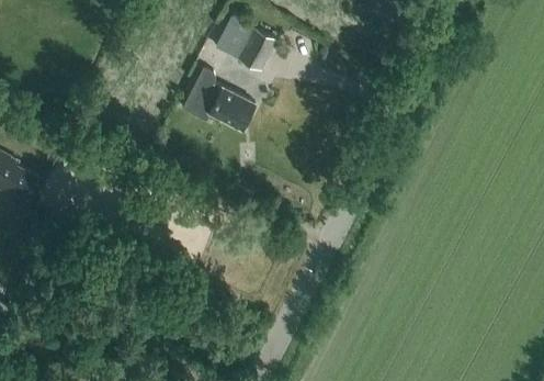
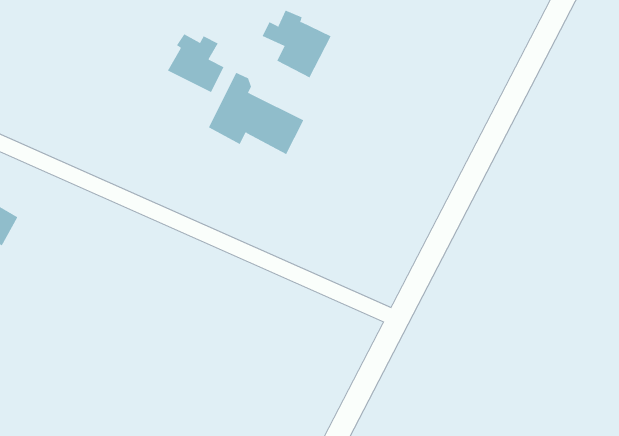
building: none -> [167,33,224,93]

